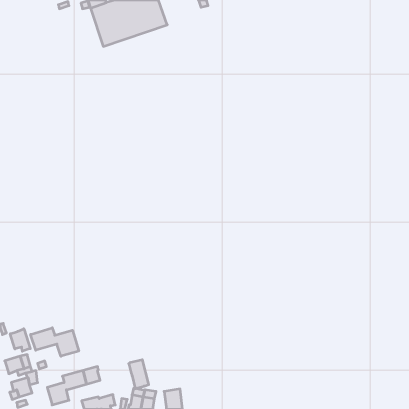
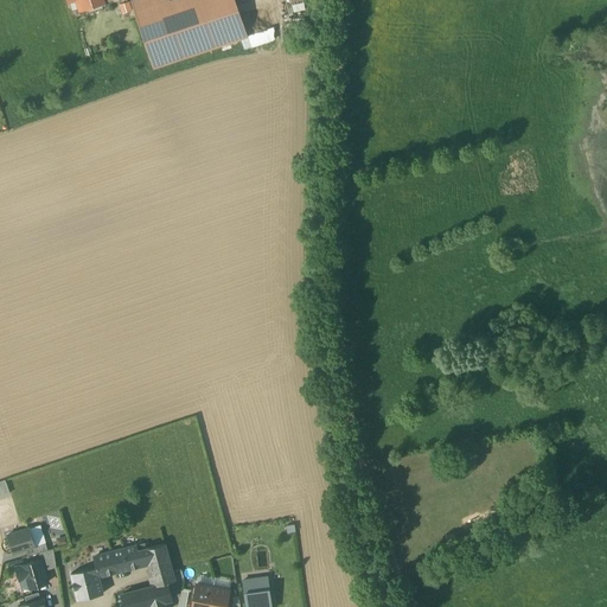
building: [31,328,79,356] -> none
building: [10,329,30,351] -> none
building: [129,360,149,389] -> [145,543,174,586]

